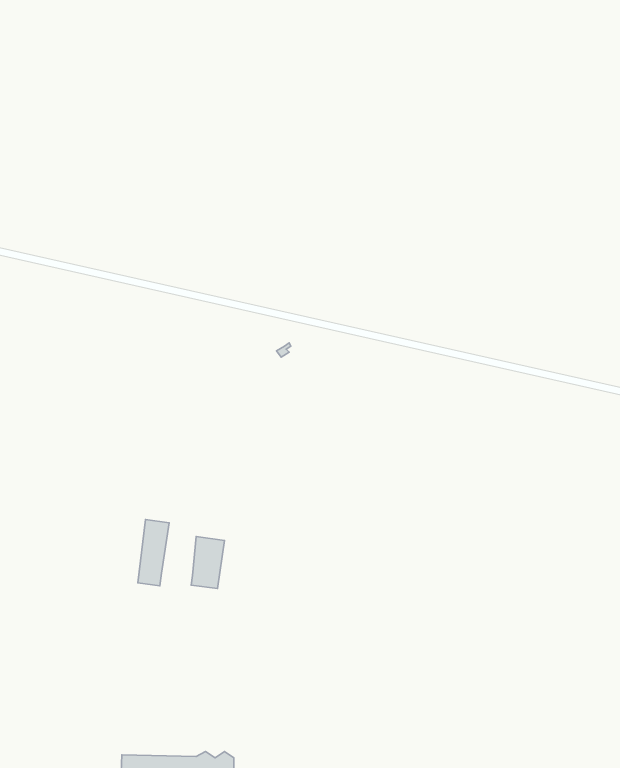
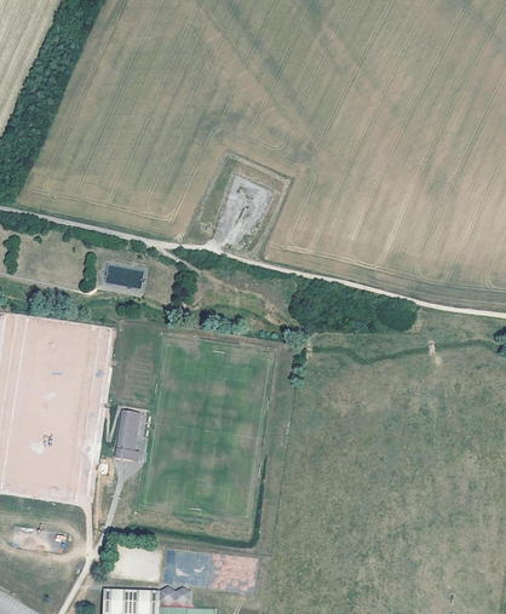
building: [191,537,225,588] -> none

